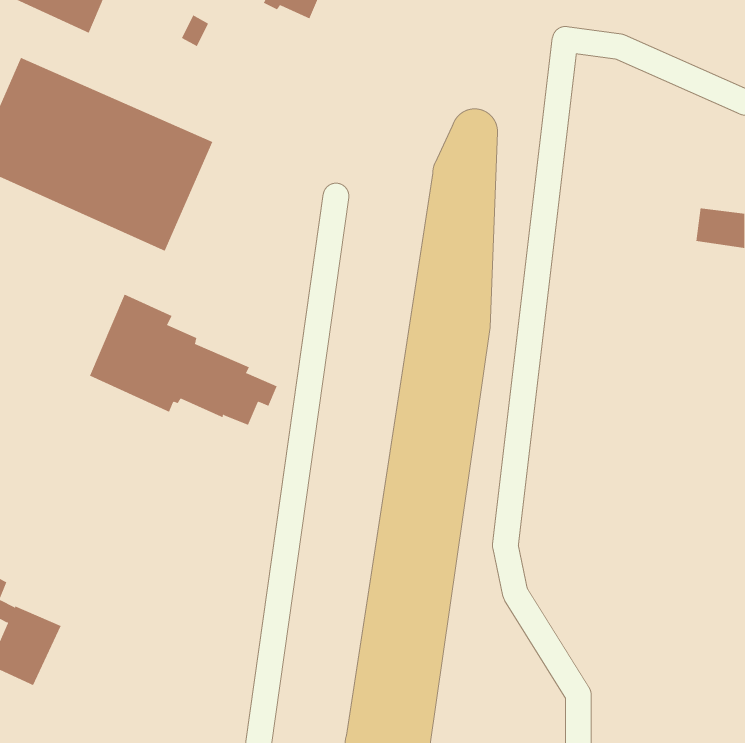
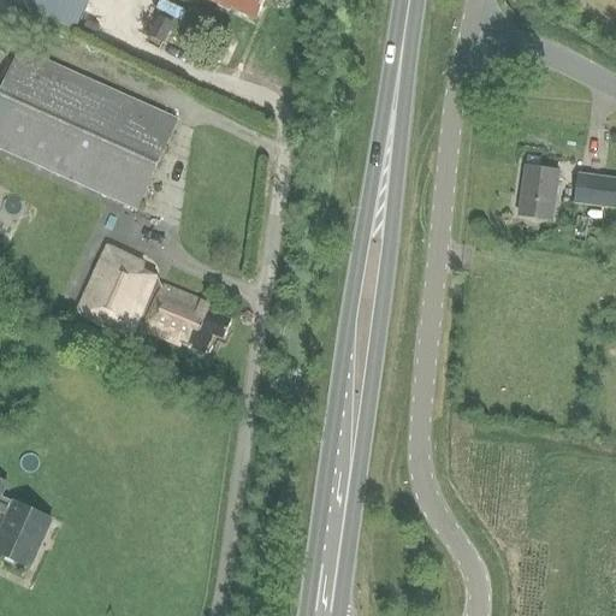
building: none -> [517,162,557,217]

